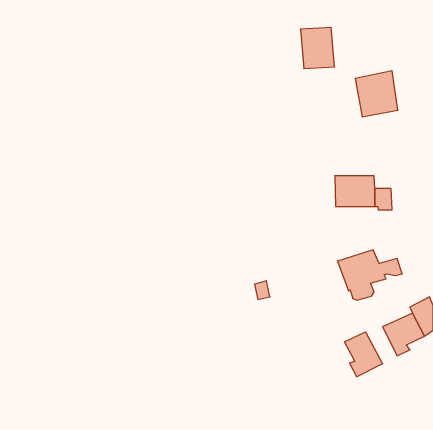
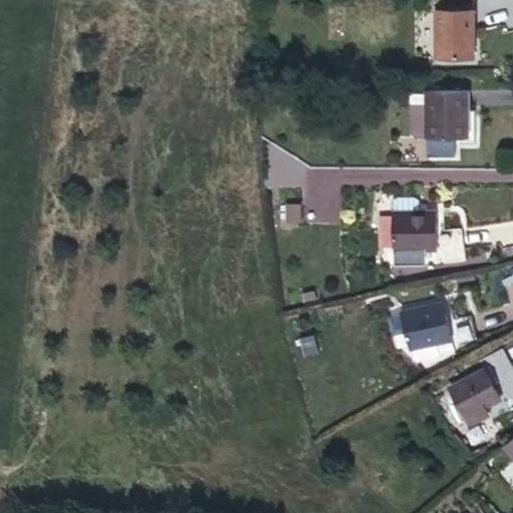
building: [300,27,335,68] -> [430,12,470,60]
building: [345,332,383,377] -> none

